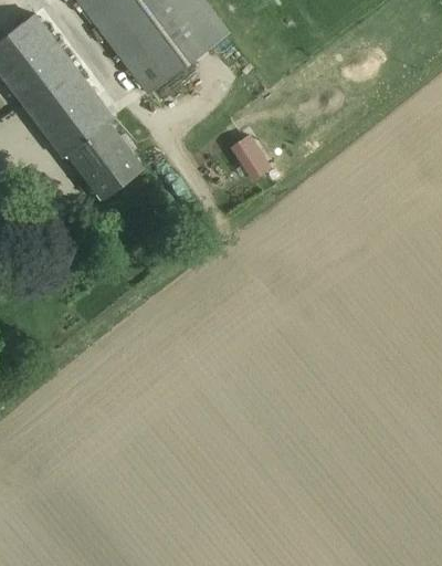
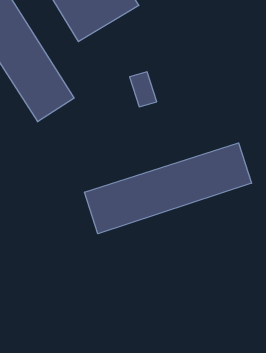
building: none -> [85,143,252,234]

